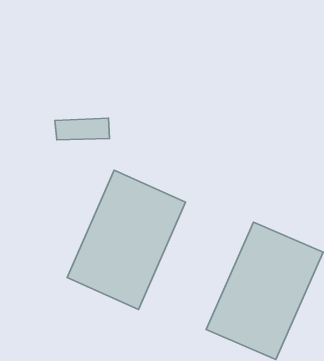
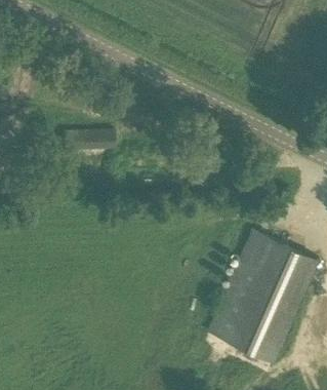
building: [67,170,186,309] -> none

